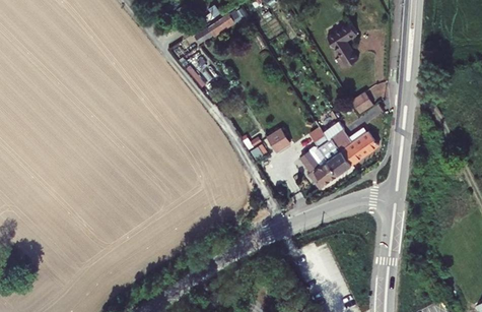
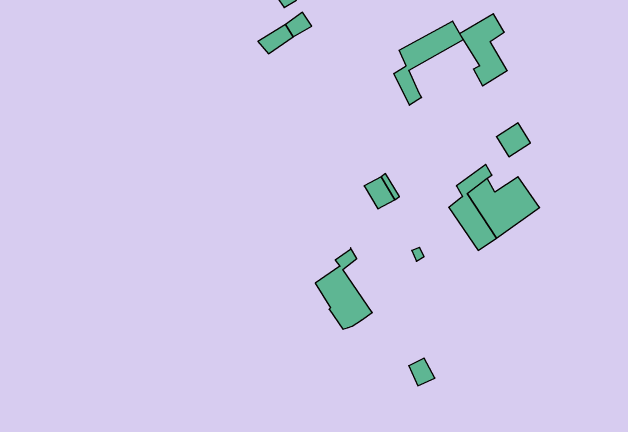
building: none -> [394,21,463,105]
building: [300,134,338,188] -> [315,248,372,329]

